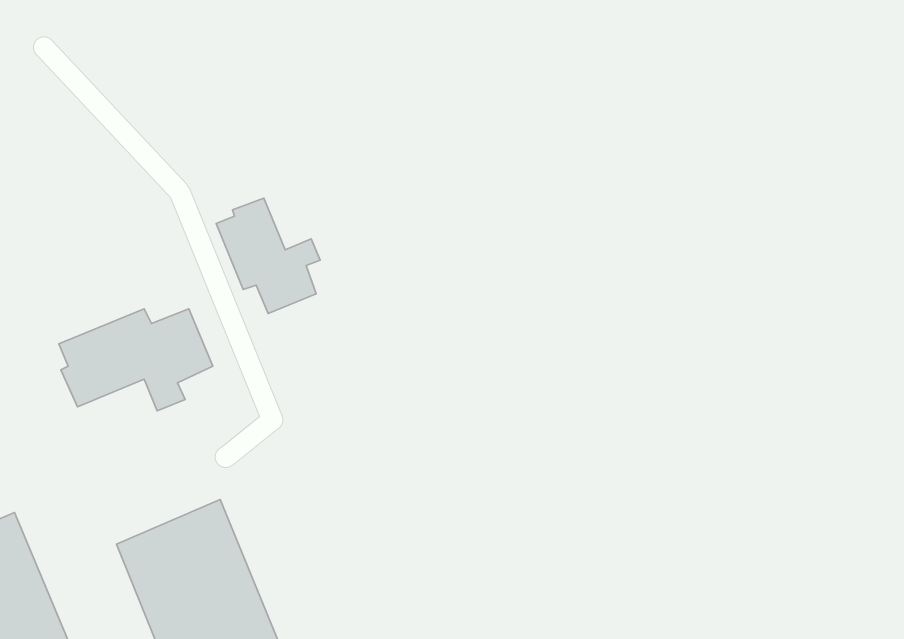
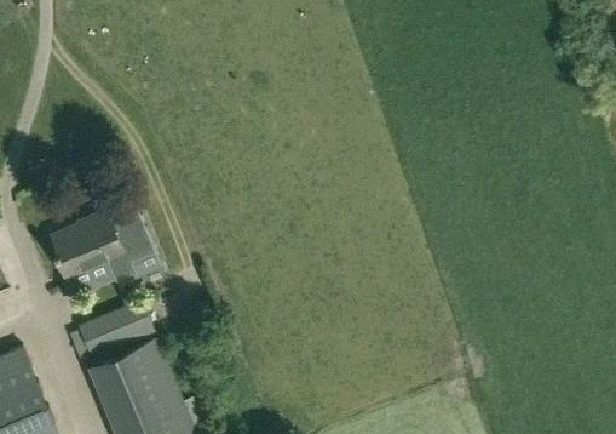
building: [216,198,320,313] -> none
building: none -> [69,301,155,364]

